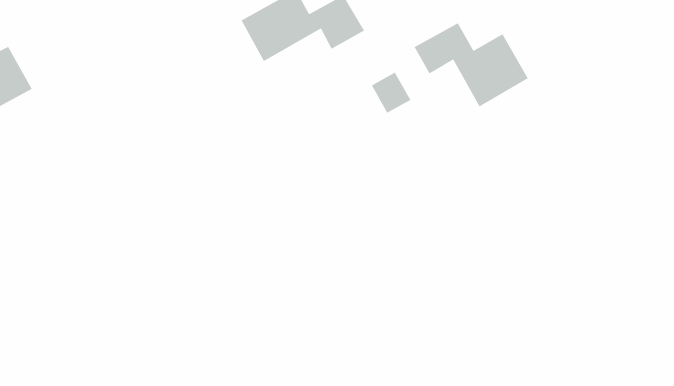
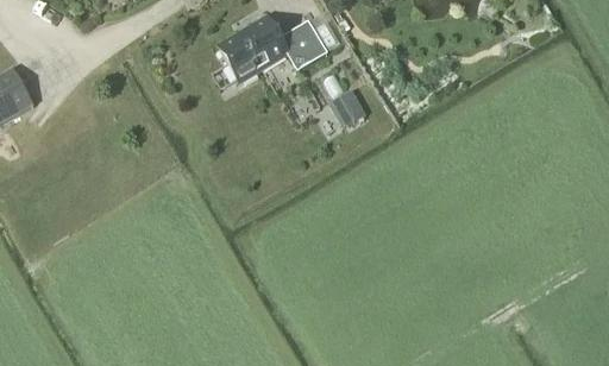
building: [413,22,529,107] -> none

